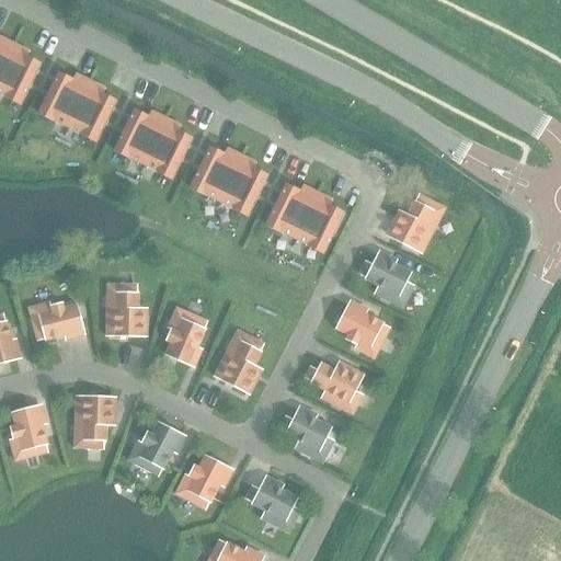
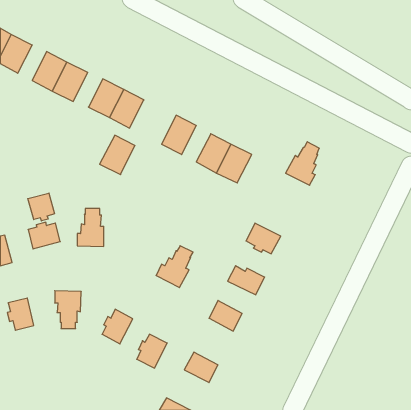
building: [192,142,240,196] -> [100,135,135,175]
building: [365,254,410,295] -> none
building: none -> [28,193,54,221]
building: [164,318,205,364] -> none

